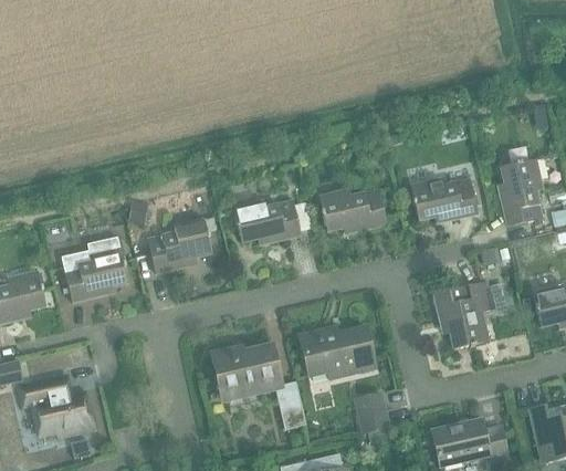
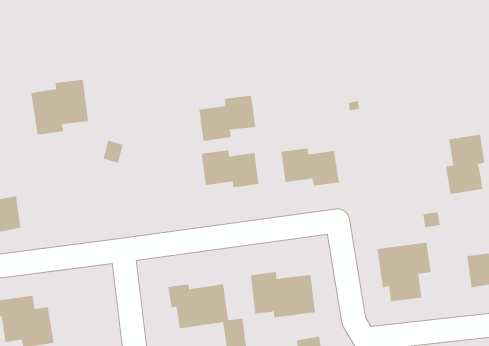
building: [410,179,478,220] -> none
building: [147,218,211,273] -> [199,95,256,142]
building: [61,237,127,302] -> [30,79,89,135]

